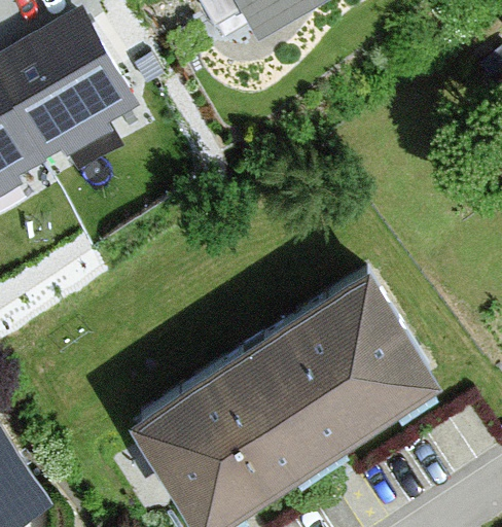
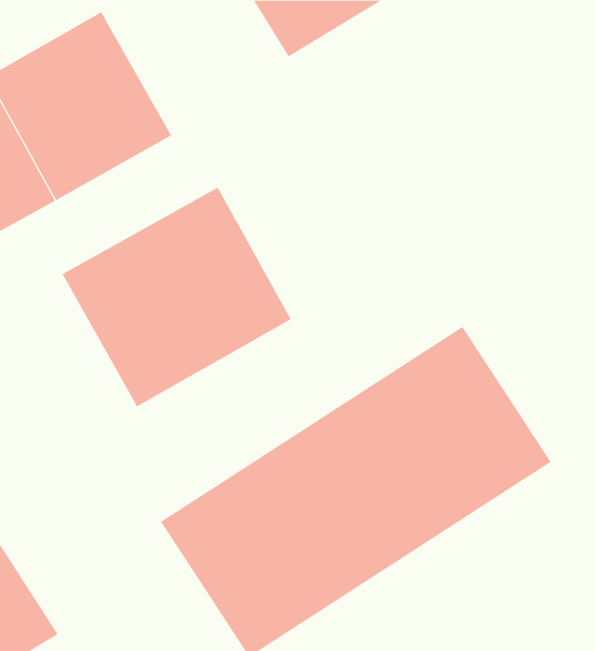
building: none -> [62,187,292,407]

